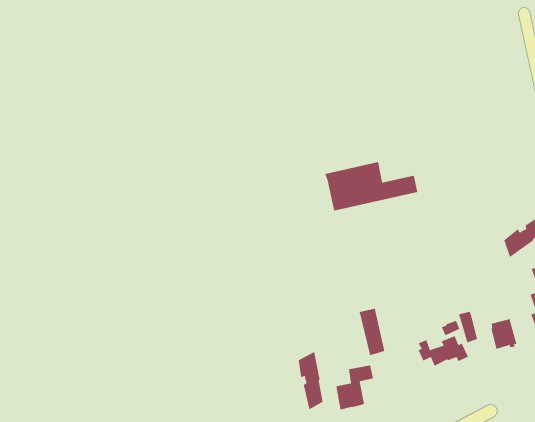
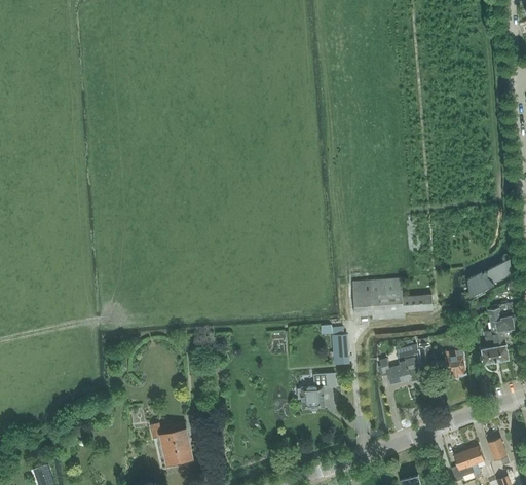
building: [325,162,418,211] -> [351,277,431,315]
building: [298,351,323,410] -> none

